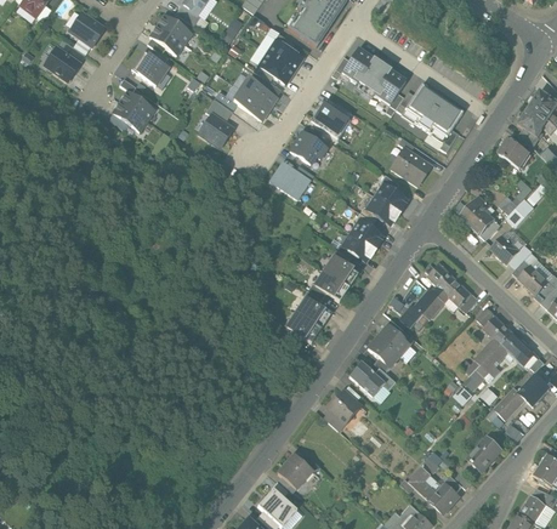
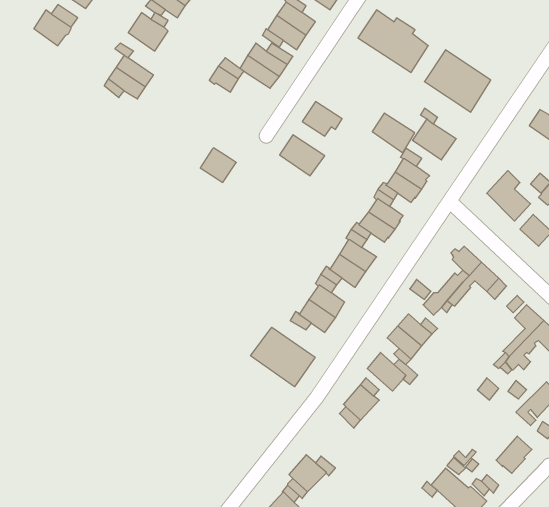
building: [311,101,349,137] -> [372,113,415,153]
building: [199,114,232,146] -> [200,148,236,182]
building: none -> [251,327,315,387]

